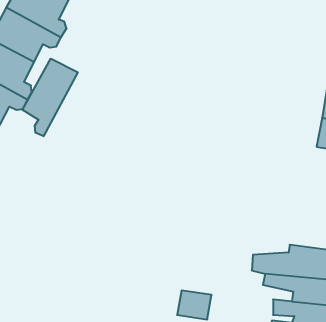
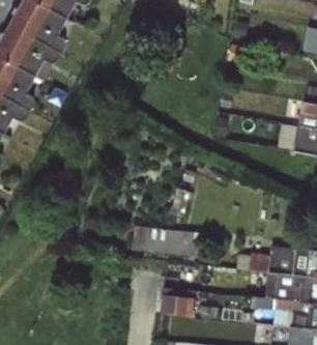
building: [22,59,78,136] -> none

